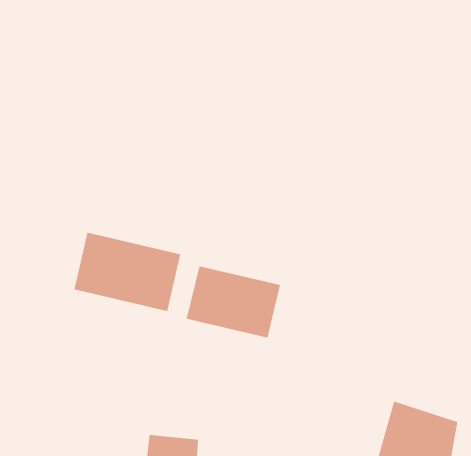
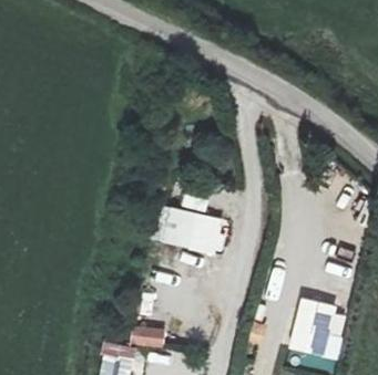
building: [74,232,181,312] -> none

